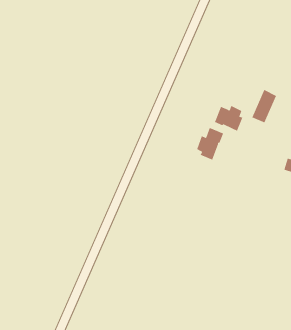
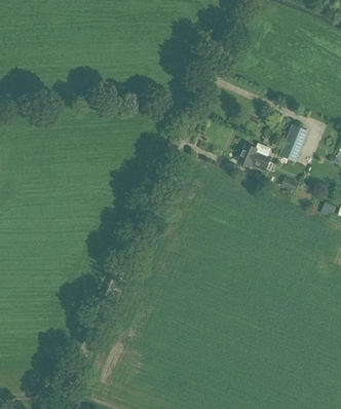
building: [197,127,224,161] -> none

